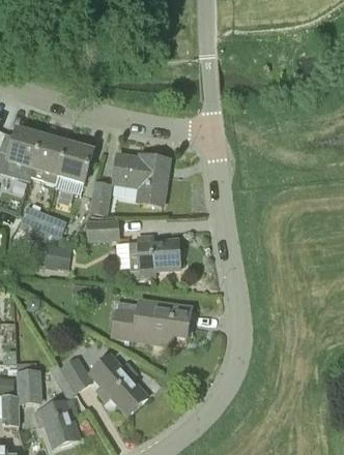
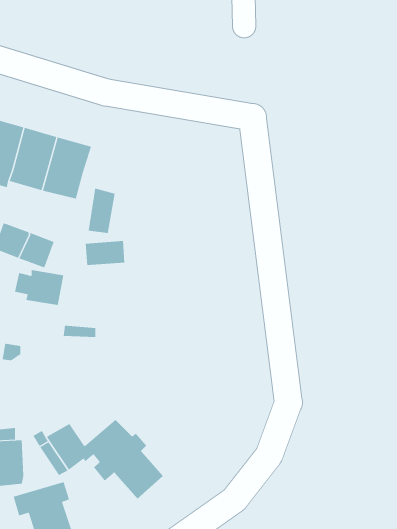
building: [114,155,166,204] -> none
building: [128,236,179,275] -> none
building: [112,298,191,342] -> none

